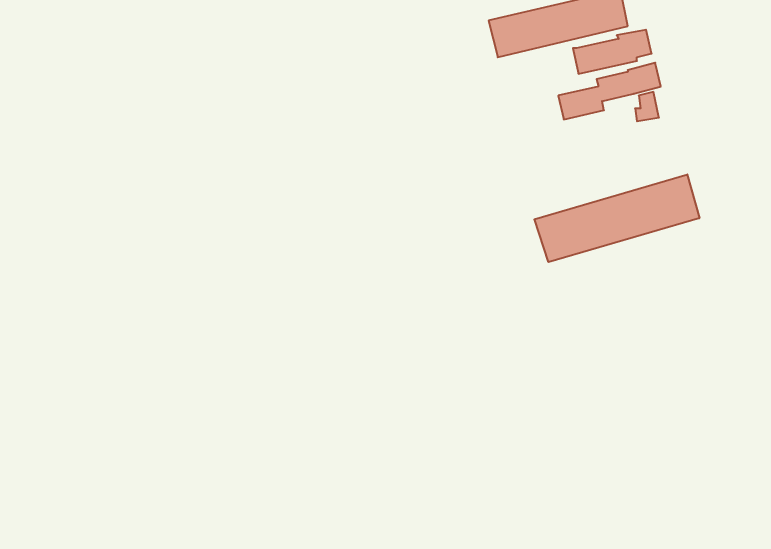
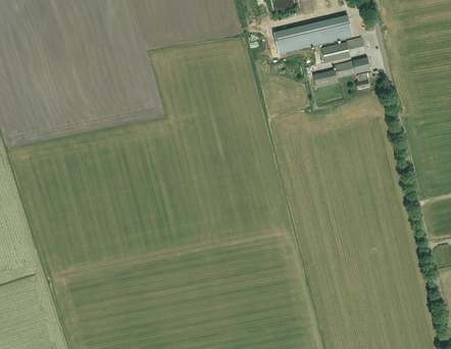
building: [534,174,699,262] -> none

